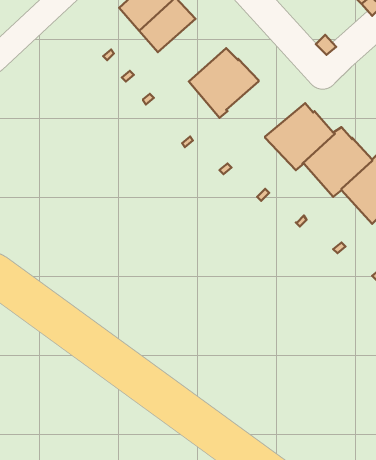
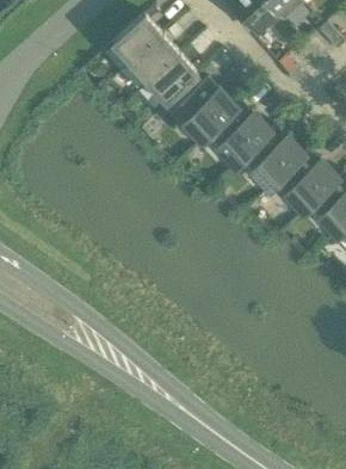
building: none -> [146,53,197,103]
building: none -> [206,101,277,165]

